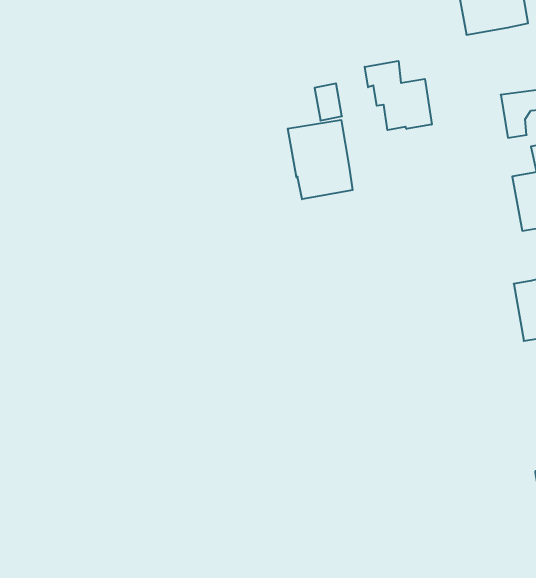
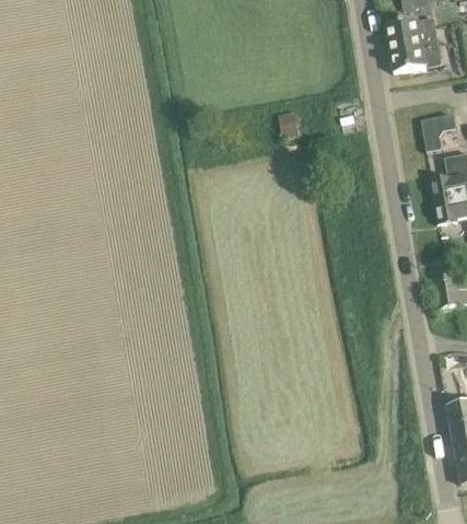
building: [365,61,432,130] -> none
building: [288,120,353,199] -> none

